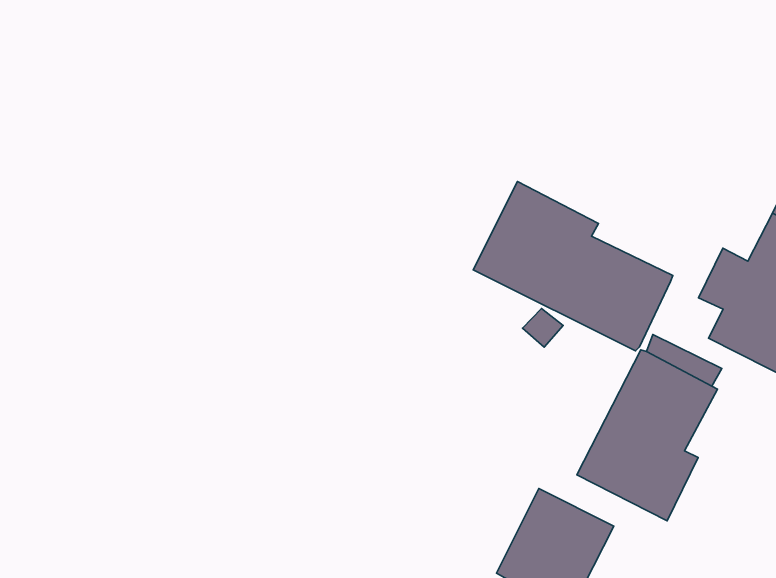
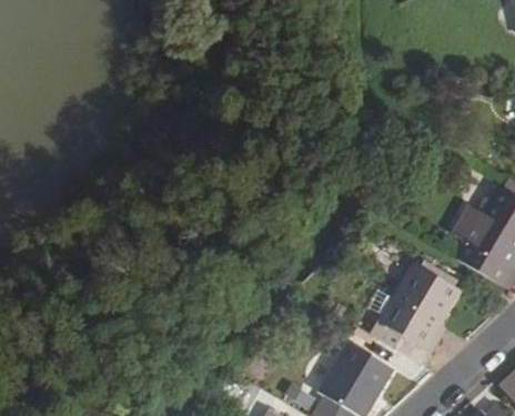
building: [473,181,673,351] -> none

